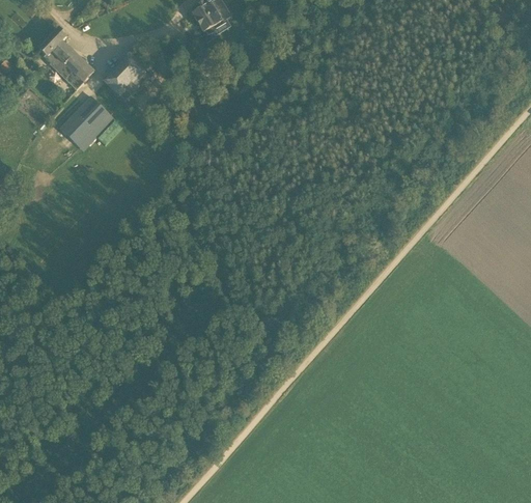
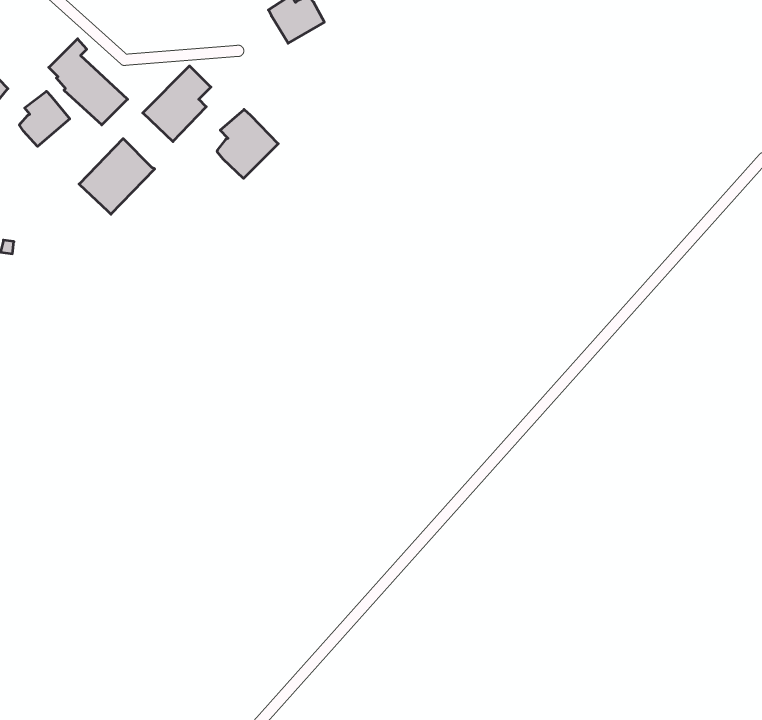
building: none -> [19,91,70,146]
building: none -> [217,109,278,178]

